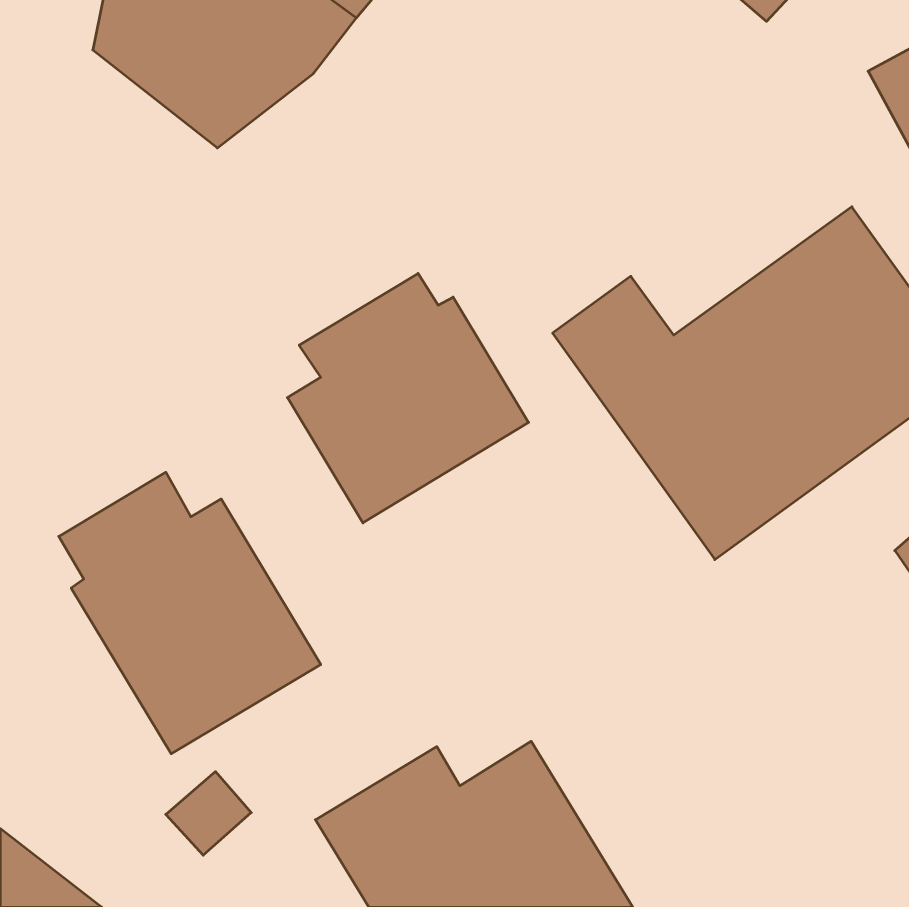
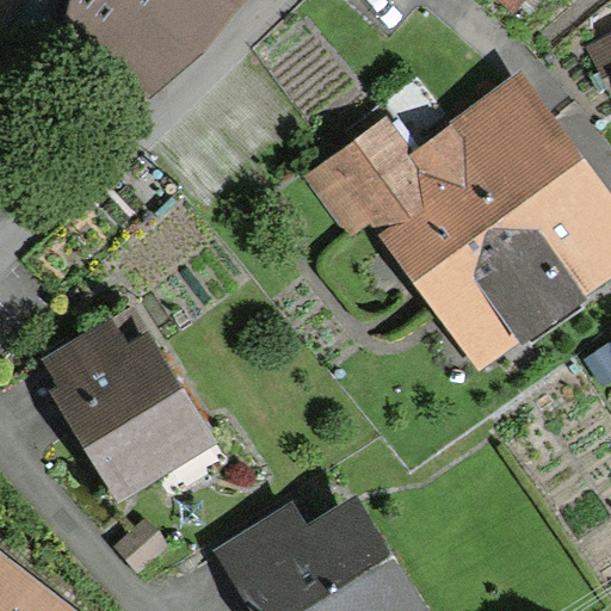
building: none -> [302,70,572,239]
building: [287,273,529,523] -> none

